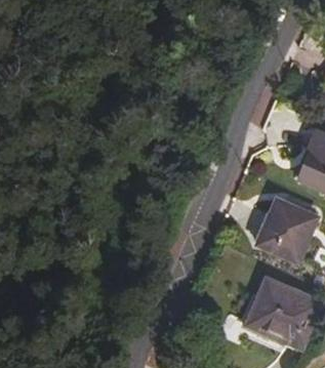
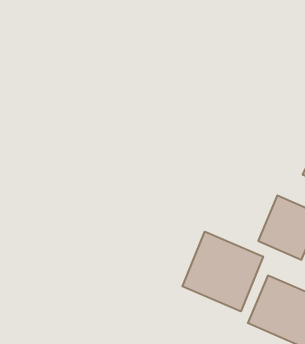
building: none -> [182,232,263,311]

